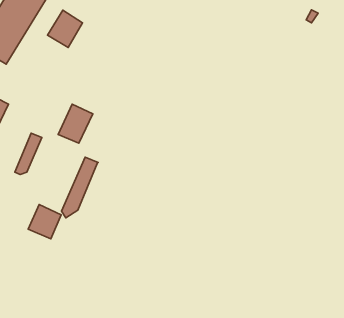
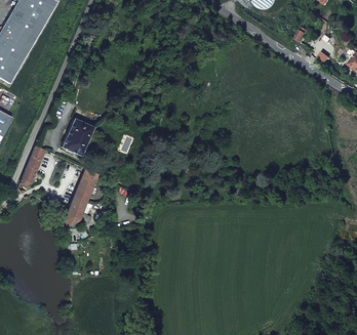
building: [48,10,82,47] -> none
building: [28,205,61,239] -> none

